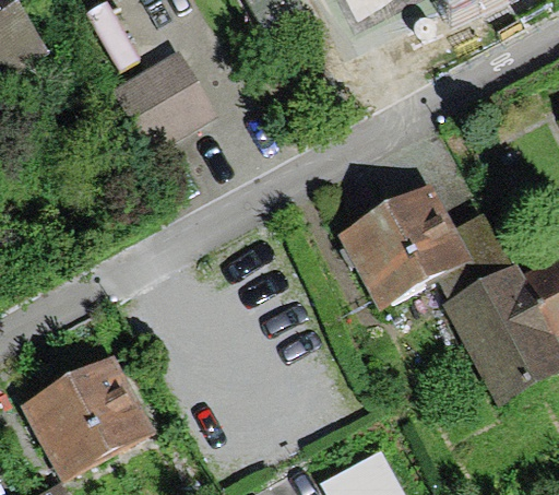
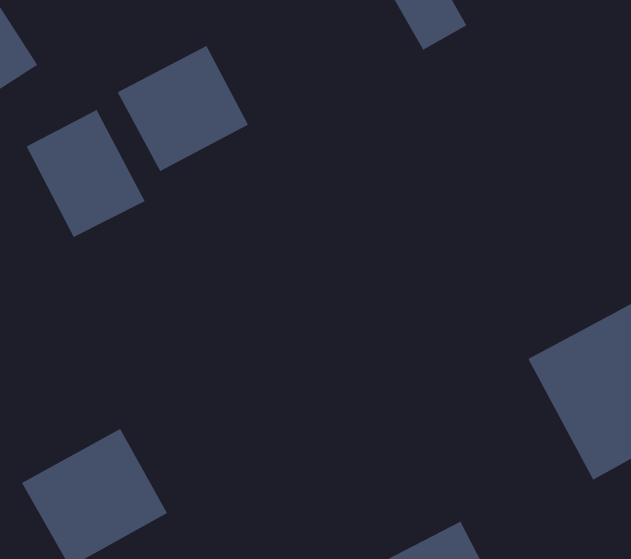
building: none -> [26,109,145,238]
building: [346,186,504,315] -> none

